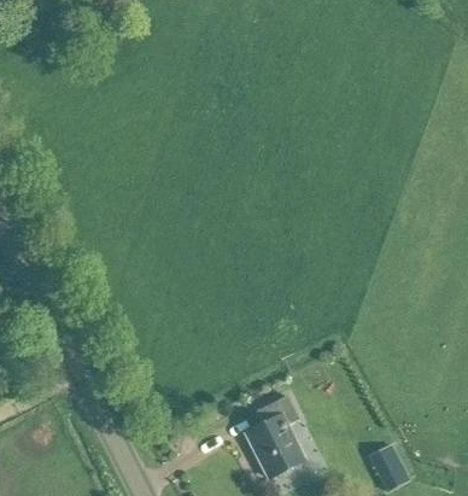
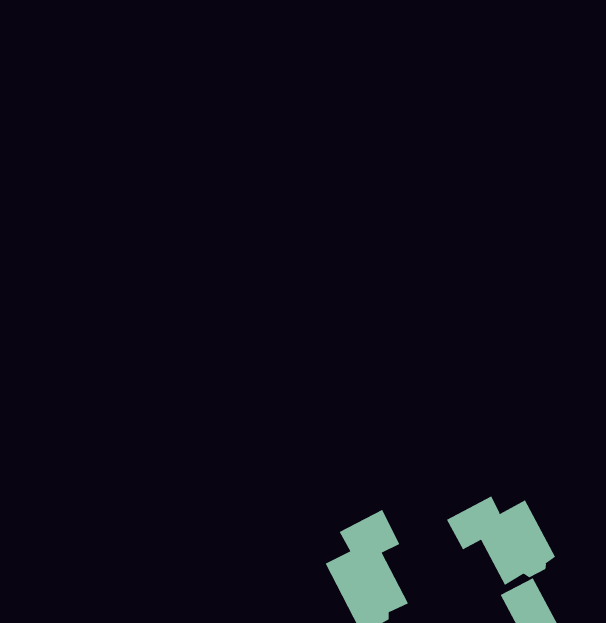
building: none -> [446,496,556,586]

